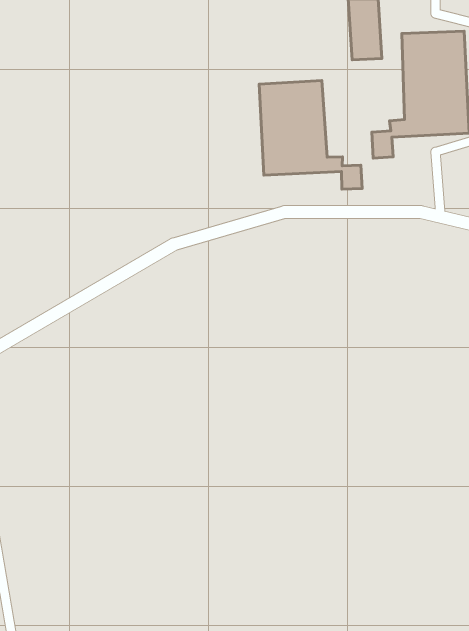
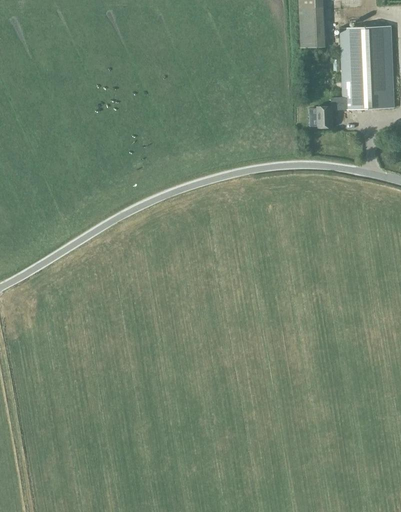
building: [259,80,362,189] -> none

